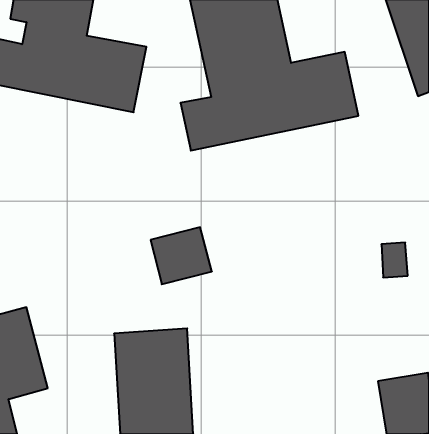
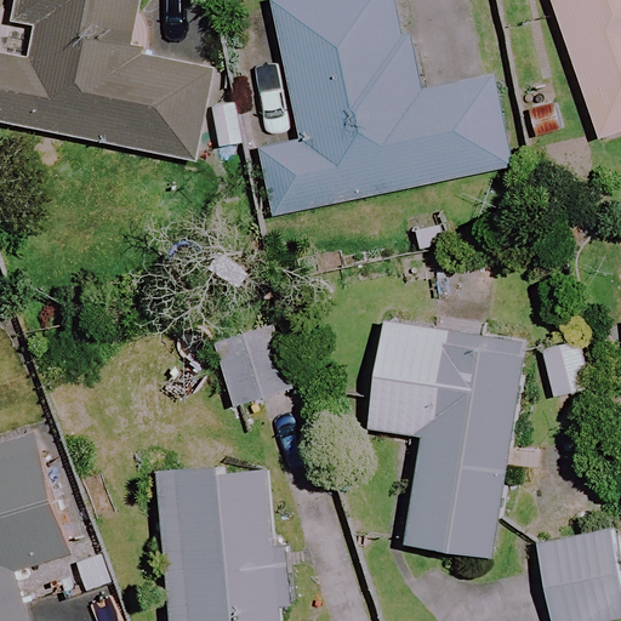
building: none -> [371,323,523,554]

